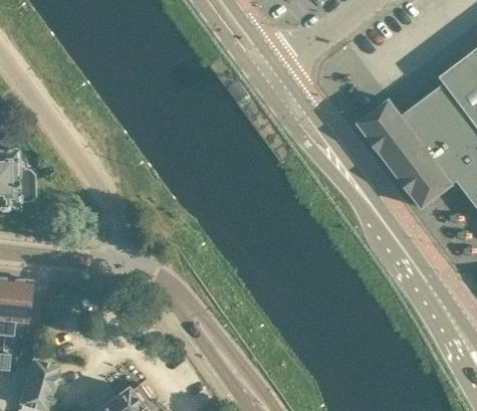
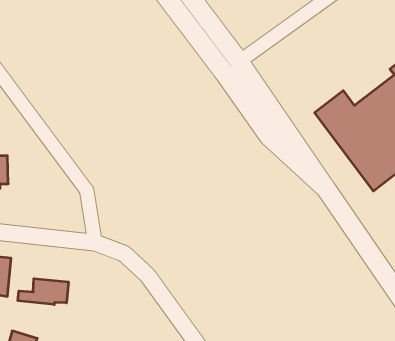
building: none -> [18,279,68,305]

